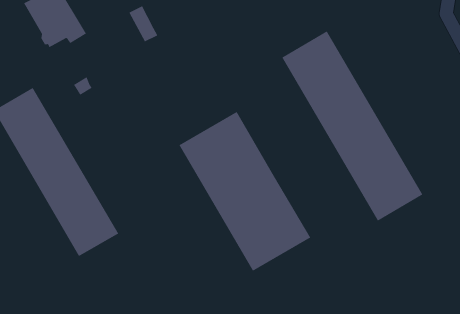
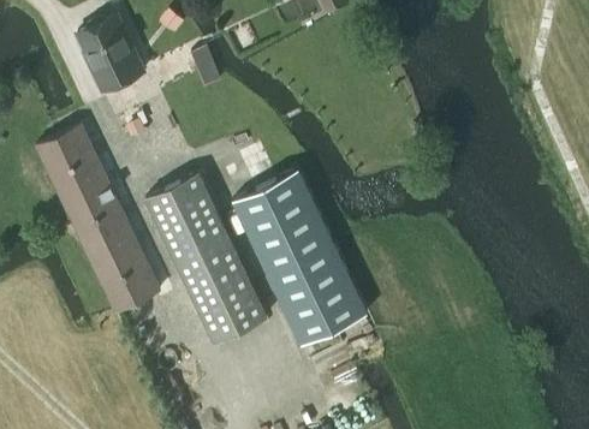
building: [282,31,423,222] -> none
building: none -> [145,175,267,342]

